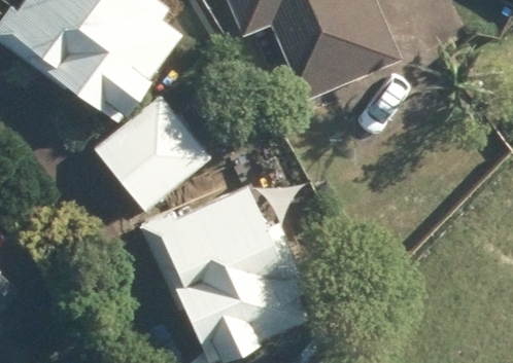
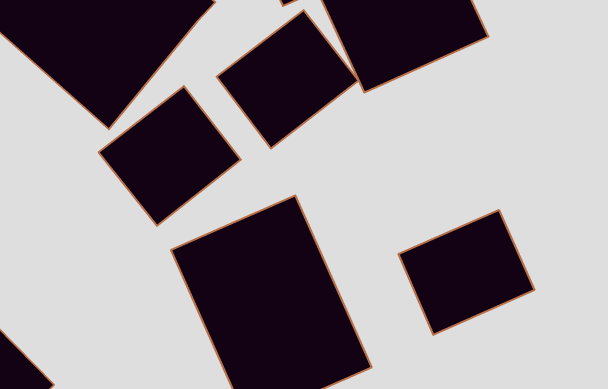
building: none -> [217,10,358,149]
building: none -> [399,210,534,335]

